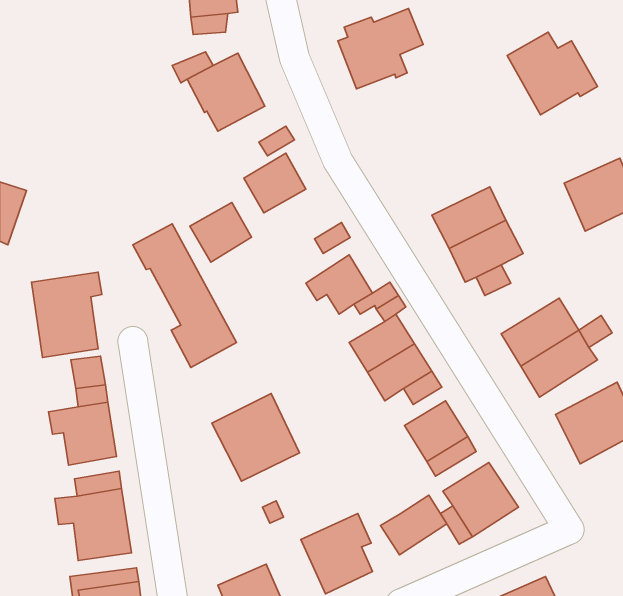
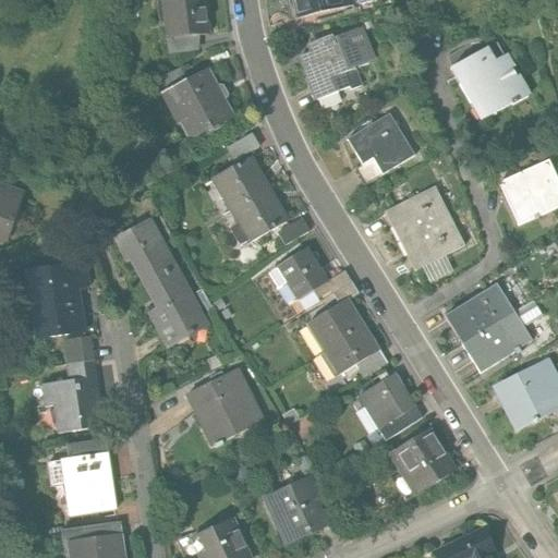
building: none -> [345,113,412,185]
building: [190,203,252,262] -> [233,187,288,240]
building: [381,495,447,555] -> none

